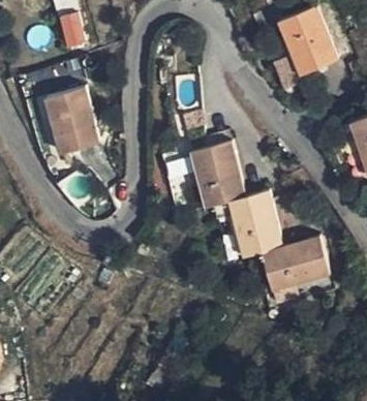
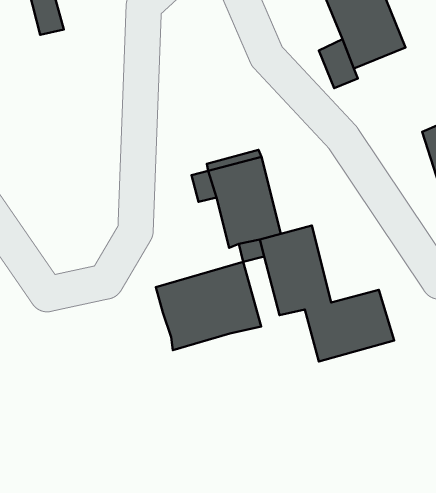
building: [45,86,99,152] -> none
building: none -> [156,262,261,350]

